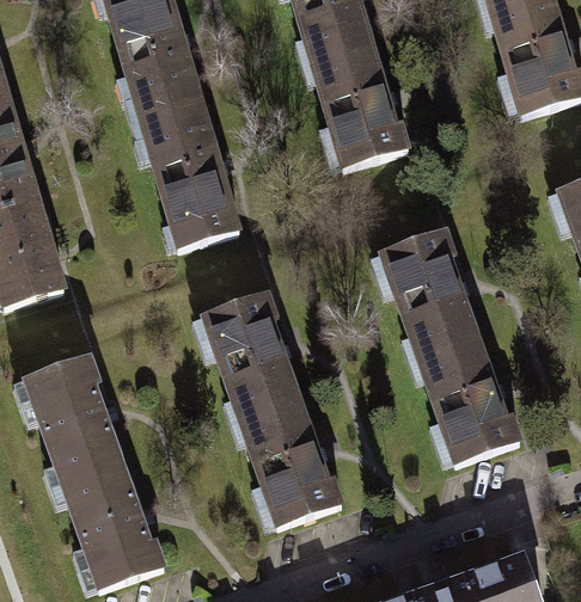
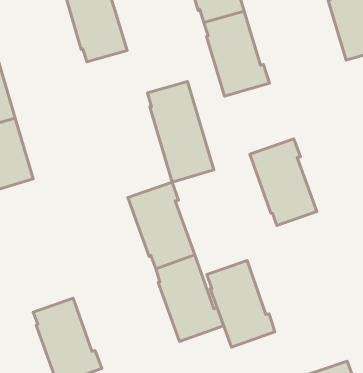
building: [142,100,239,247] -> [148,82,214,182]
building: [420,336,519,462] -> [207,261,275,347]
building: [24,355,122,483] -> none

